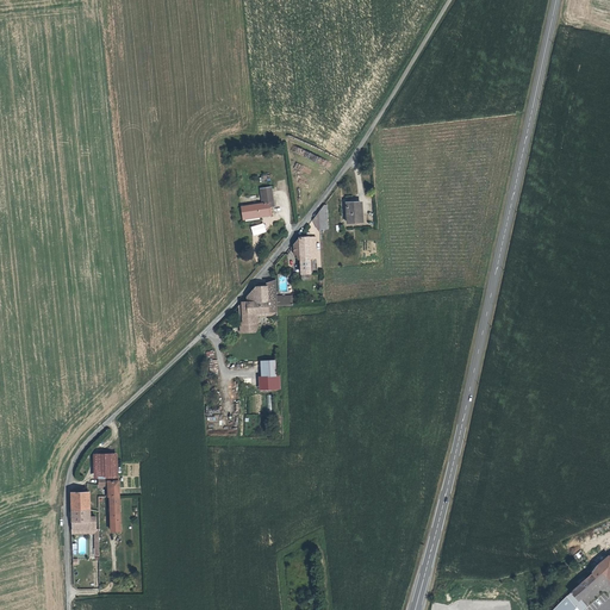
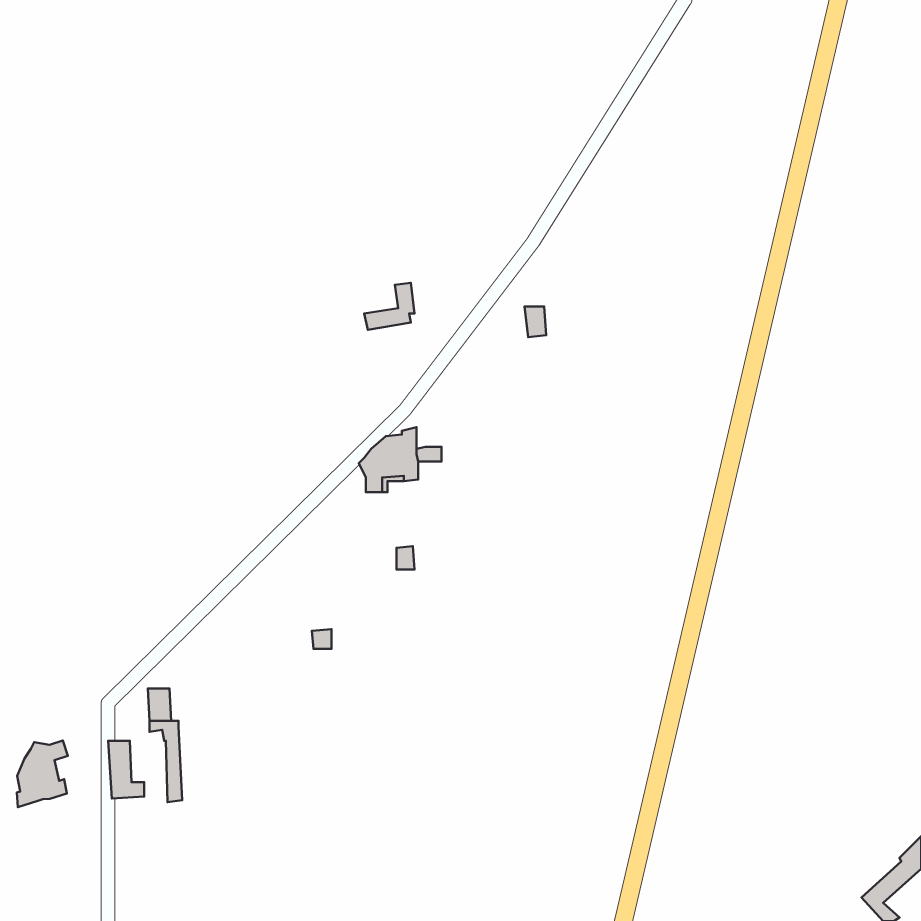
building: [295,238,316,276] -> none
building: none -> [17,740,68,807]

